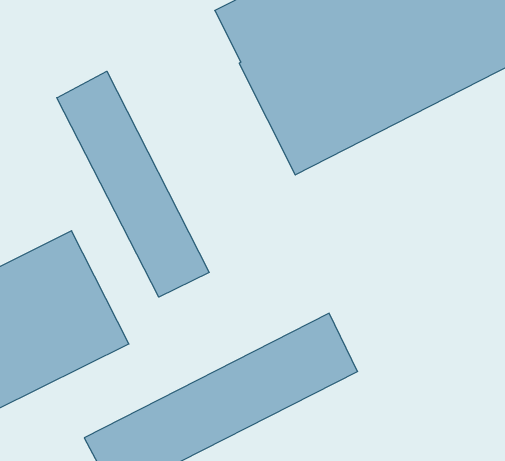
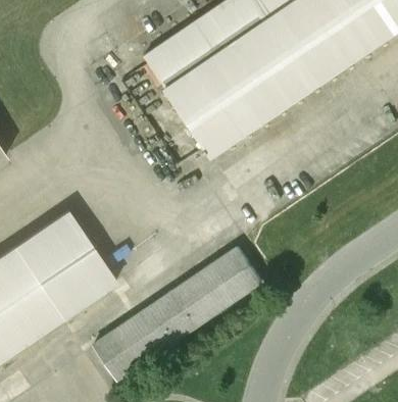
building: [57,71,209,297] -> none

